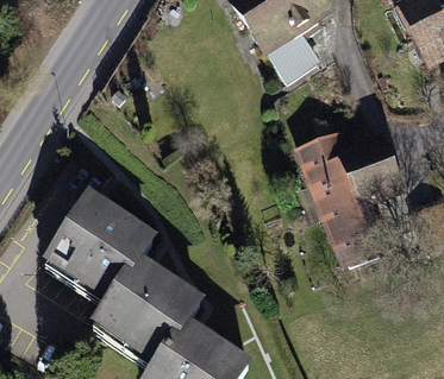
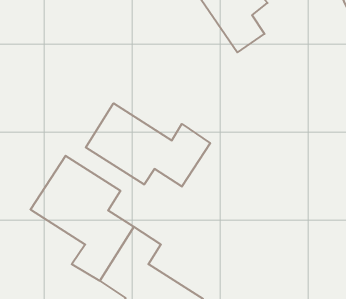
building: [305,138,401,265] -> none
building: none -> [86,103,210,187]

